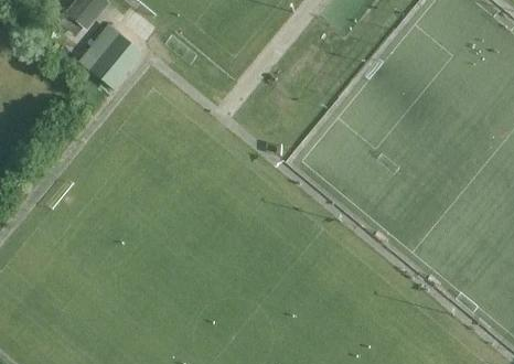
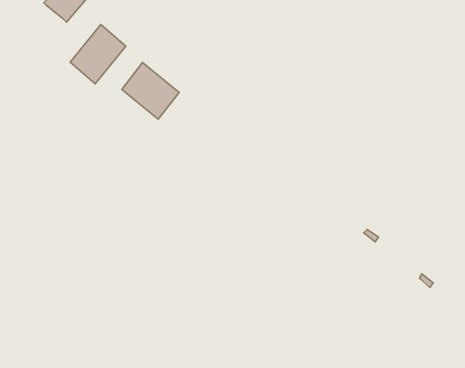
building: none -> [122,63,179,119]

